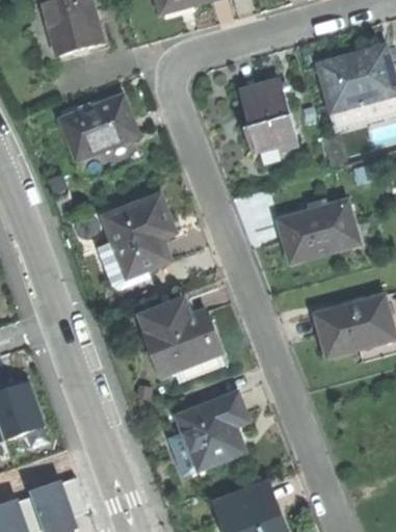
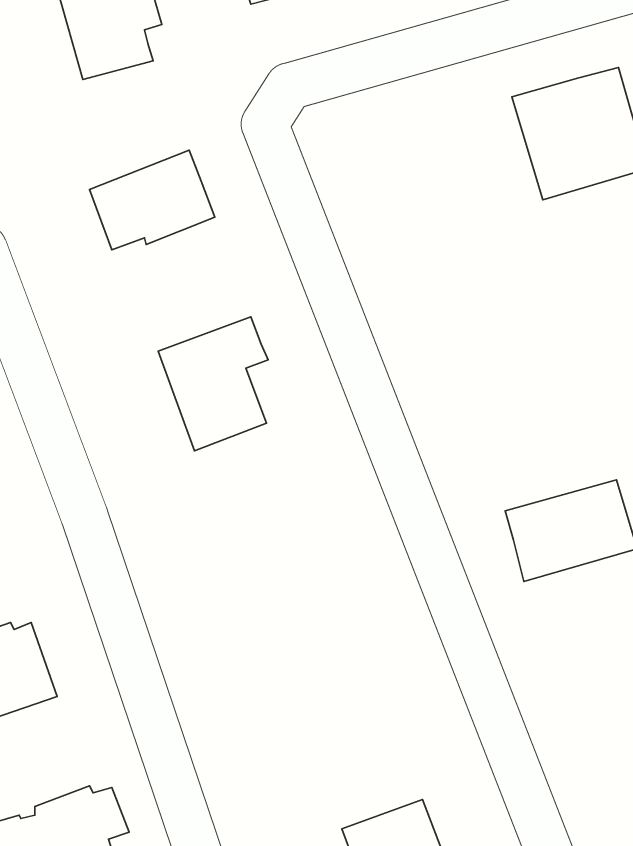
building: [238,79,295,150] -> none
building: [275,201,354,261] -> none
building: [141,301,221,376] -> none
building: [168,396,243,477] -> none

